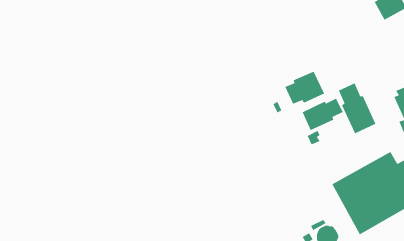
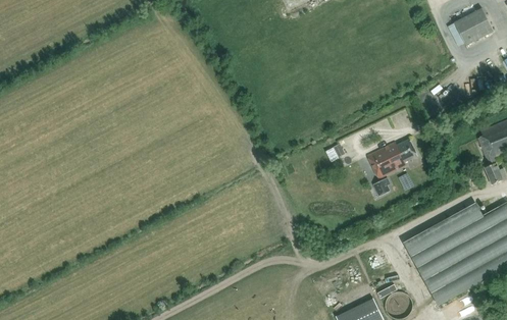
building: [285,71,325,105] -> none
building: [338,83,376,134] -> none

